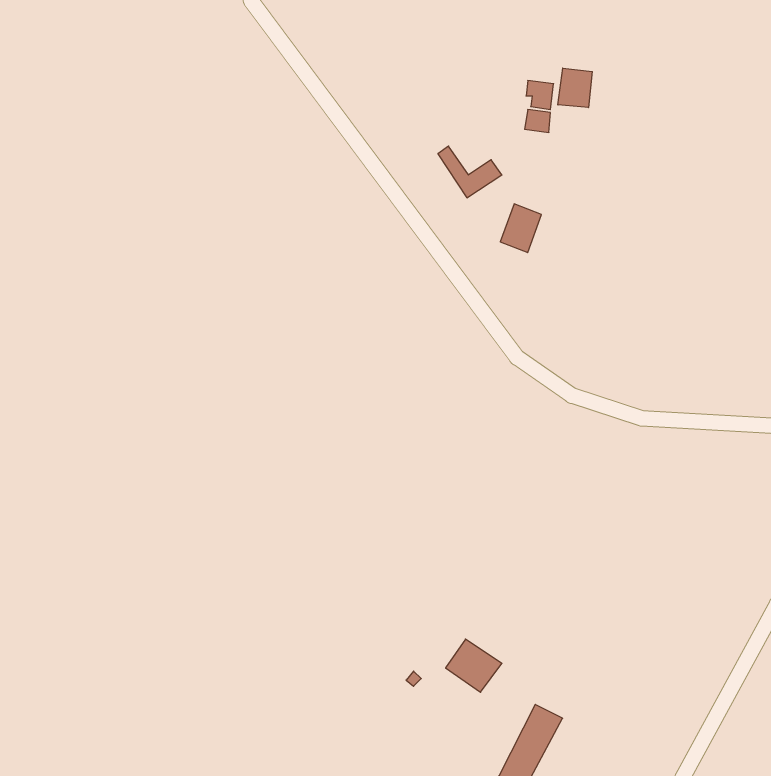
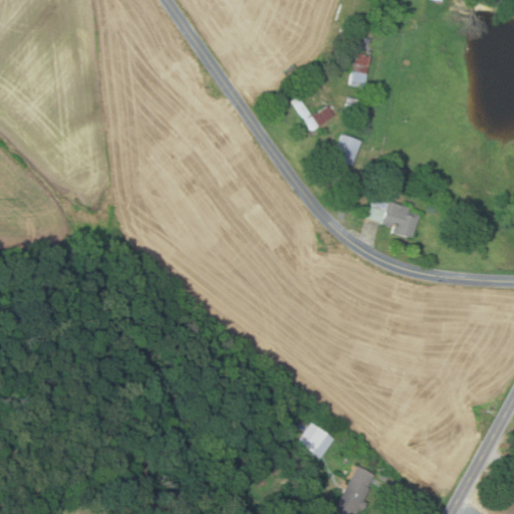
building: [558,68,592,108] -> none
building: none -> [369,198,423,239]

